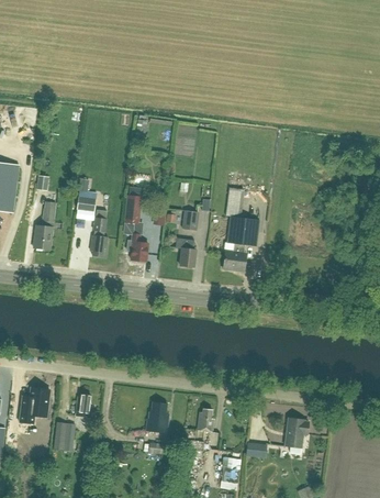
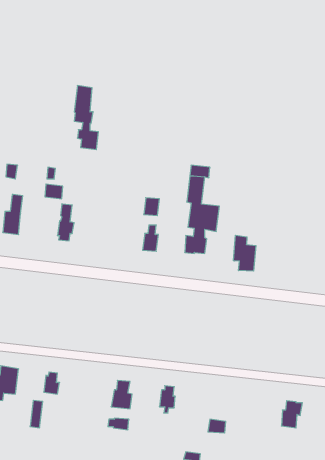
building: [123,195,148,262] -> [74,86,98,150]
building: none -> [233,235,256,271]
building: [286,419,308,447] -> [281,401,302,428]

